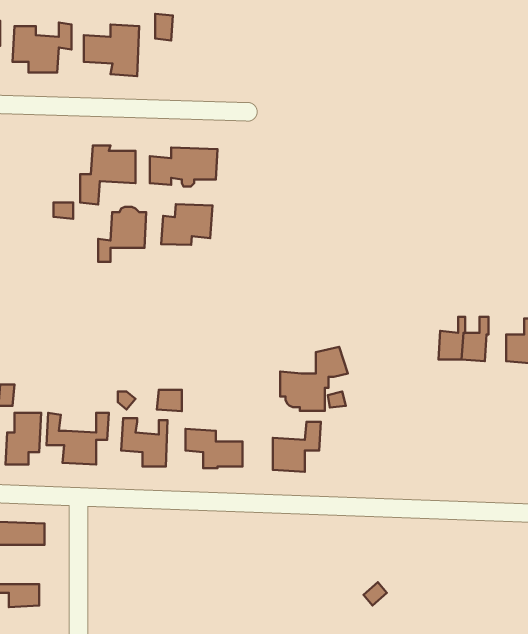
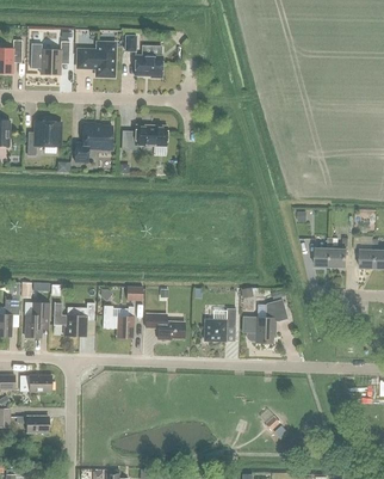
building: none -> [135,45,162,78]
building: [161,204,212,245] -> none
building: [98,207,146,262] -> [27,118,60,155]
building: [280,347,348,411] -> [242,300,287,343]

